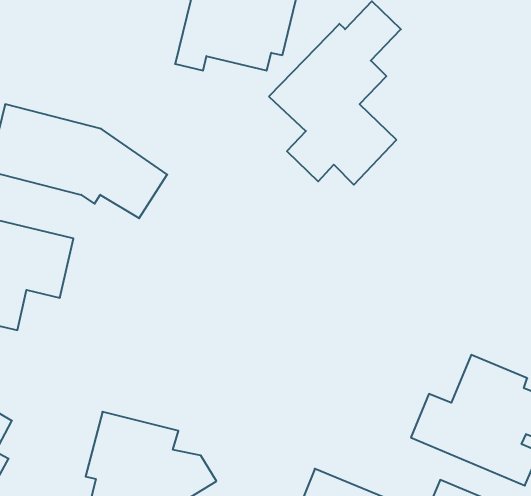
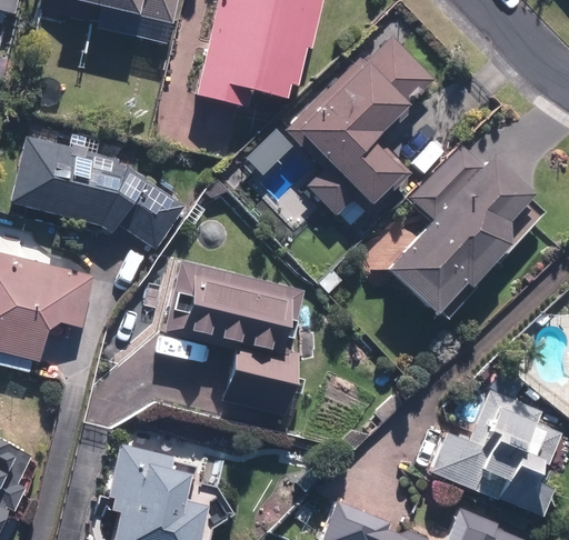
building: none -> [379,144,540,326]
building: none -> [164,260,307,411]

